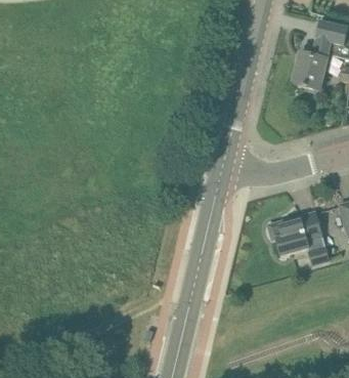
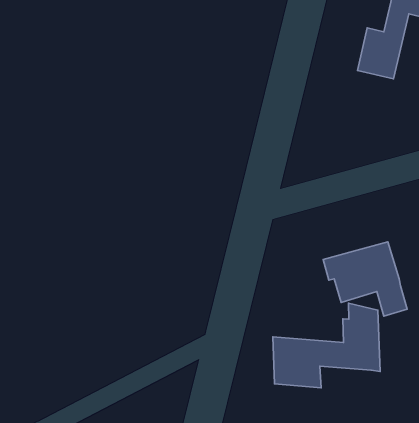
building: none -> [273,303,380,388]

